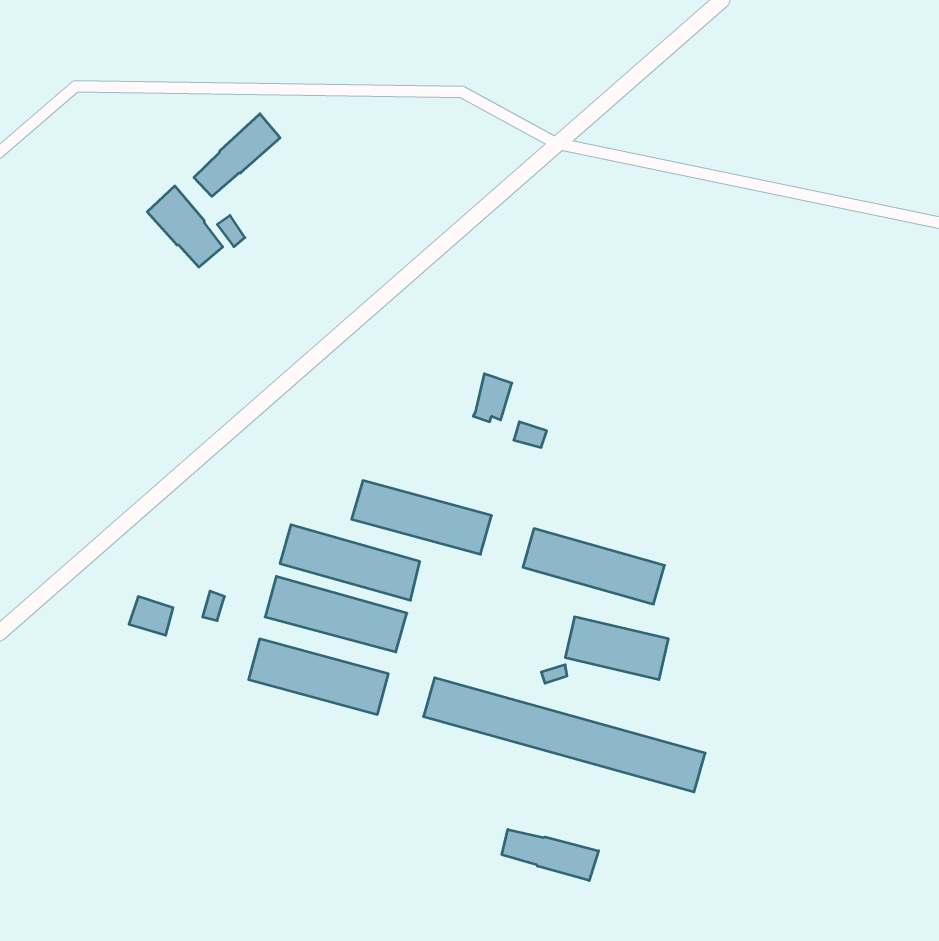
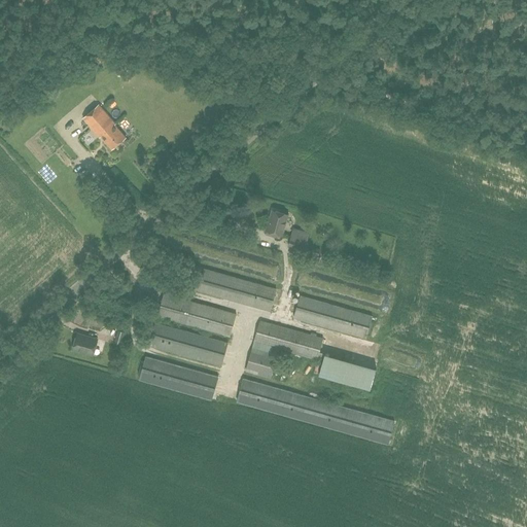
building: [194,114,280,196] -> none
building: none -> [245,320,322,377]
building: [502,829,599,881] -> none

